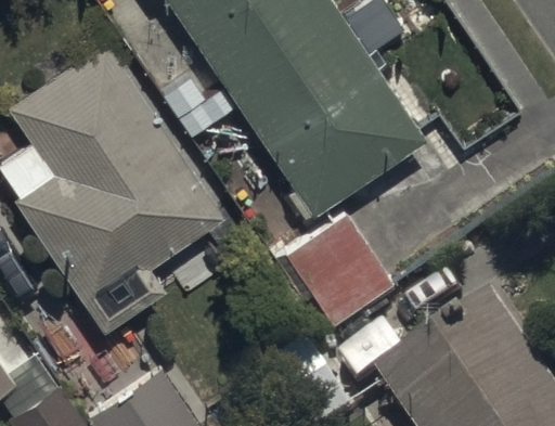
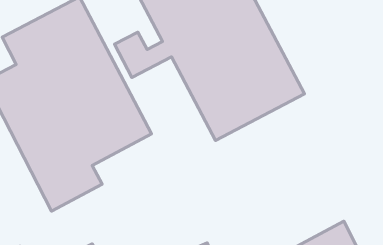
building: [287,215,396,327] -> none

